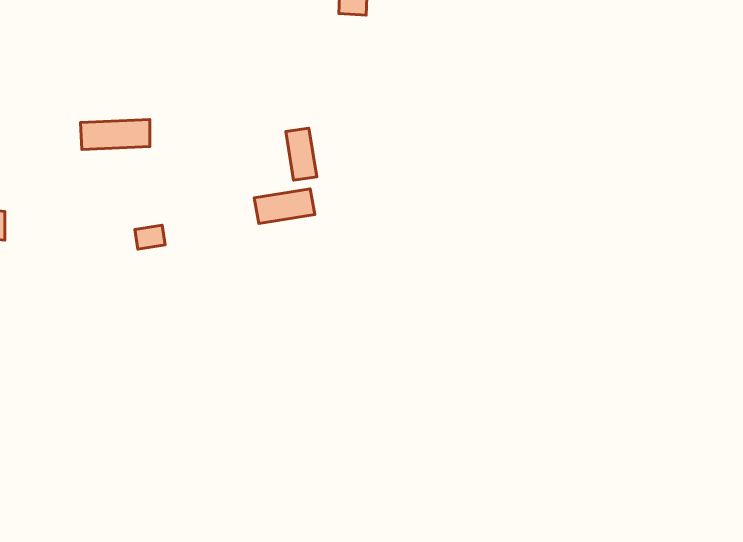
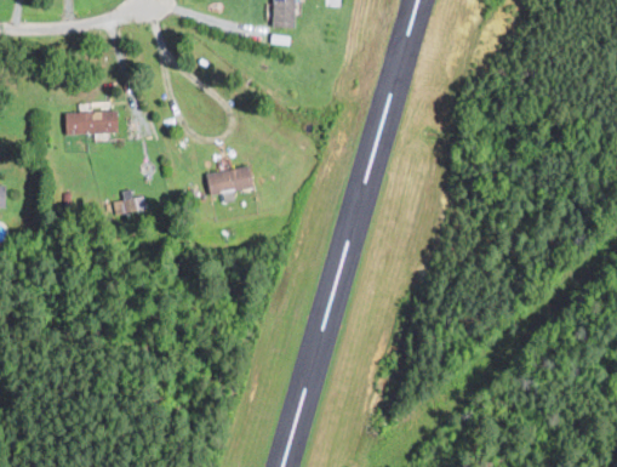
building: [286,128,317,180] -> none

